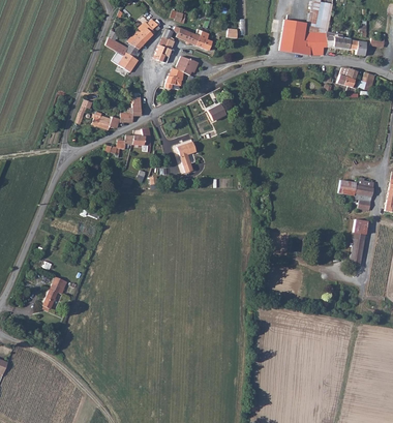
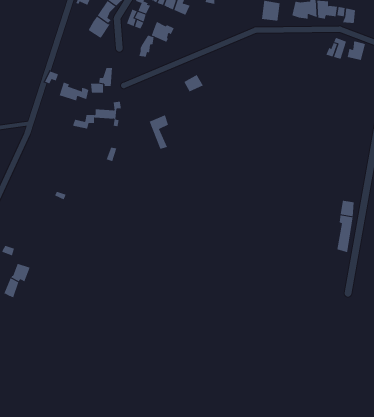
building: [338,177,374,208] -> none

